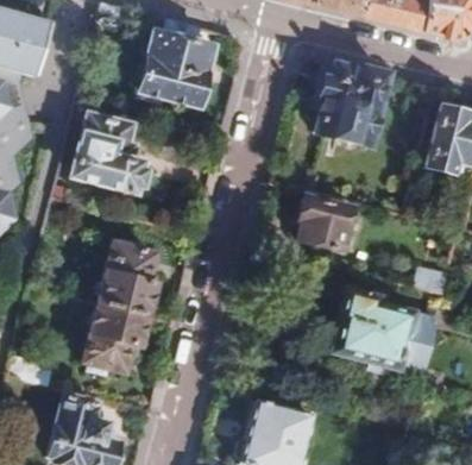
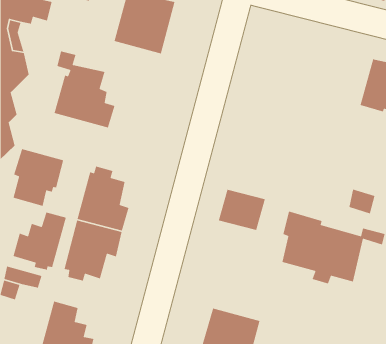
building: [319,59,391,146] -> none
building: [295,197,352,247] -> [218,189,266,231]
building: none -> [13,148,64,207]
building: none -> [12,212,67,271]

